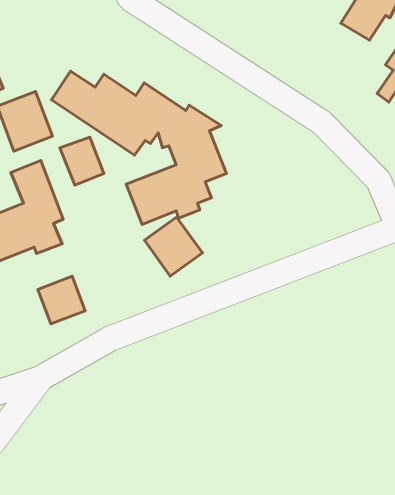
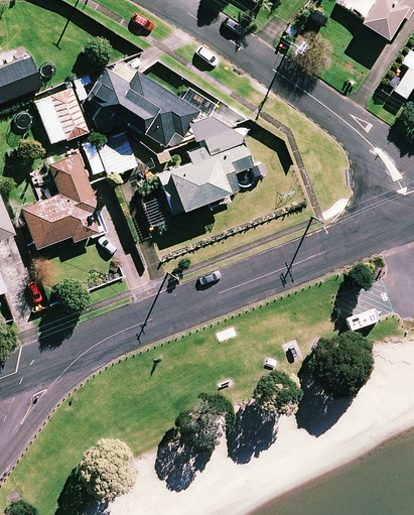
building: [145,217,202,276] -> none
building: [38,276,85,324] -> none

